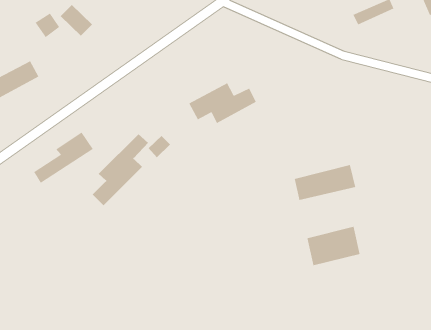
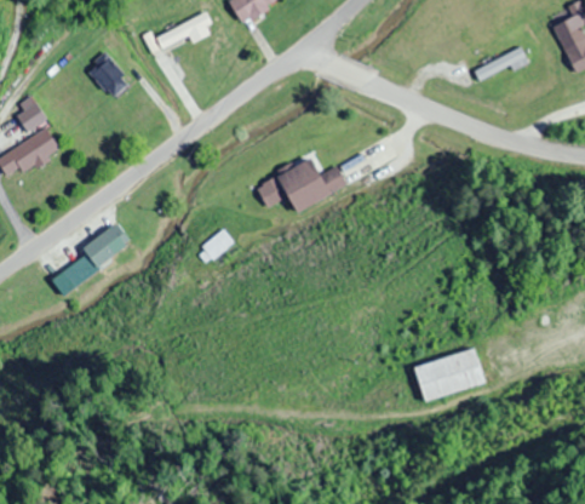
building: [35,12,60,38] -> [13,99,47,133]
building: [92,134,149,206] -> none
building: [294,164,356,201] -> none

